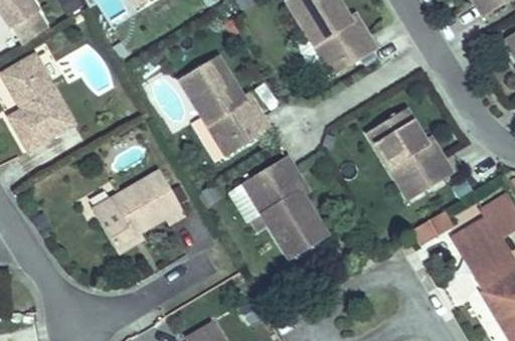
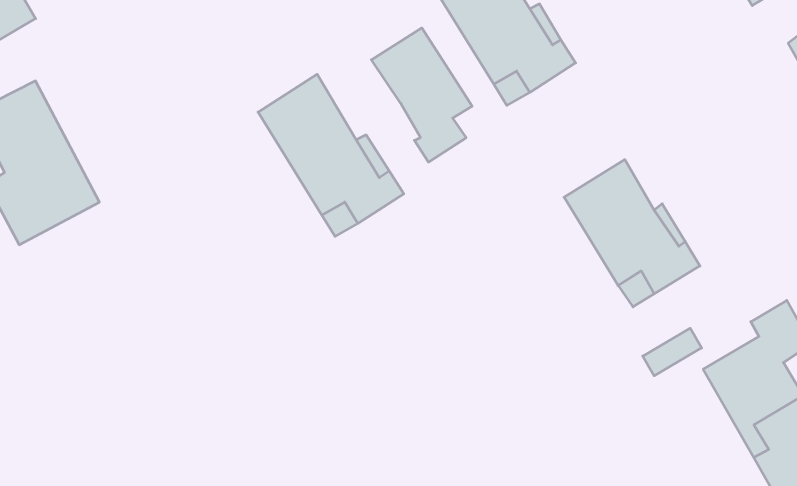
building: none -> [371,28,472,162]
building: [250,156,326,259] -> none
building: [94,180,190,258] -> none

